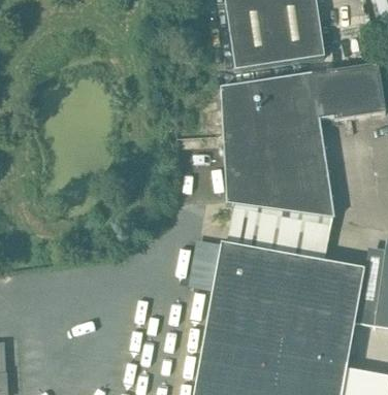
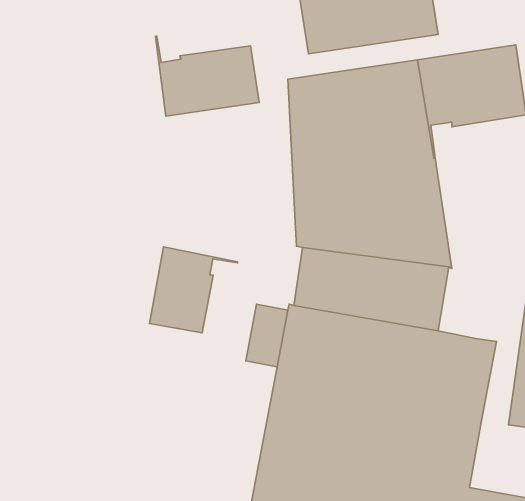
building: none -> [155,36,259,116]
building: none -> [150,247,237,333]

